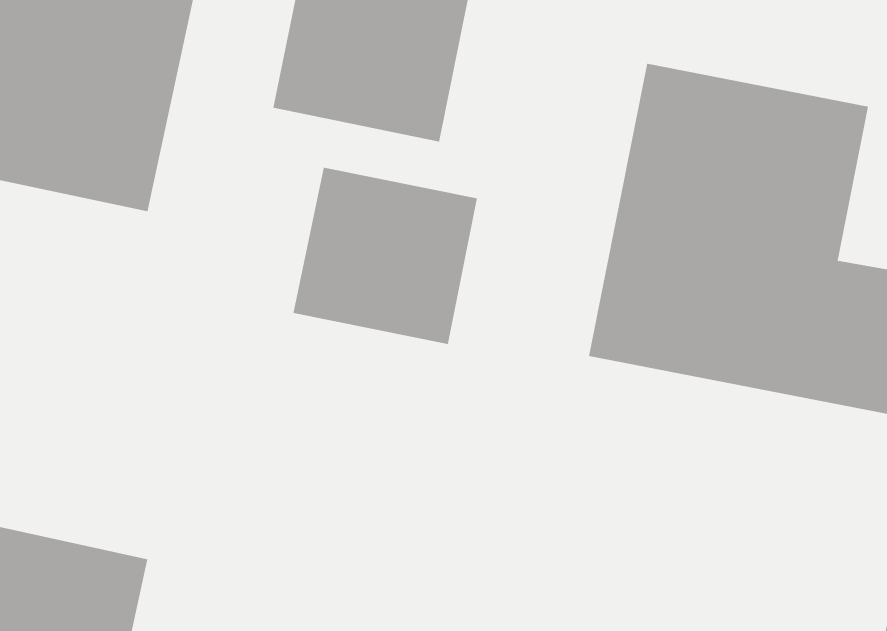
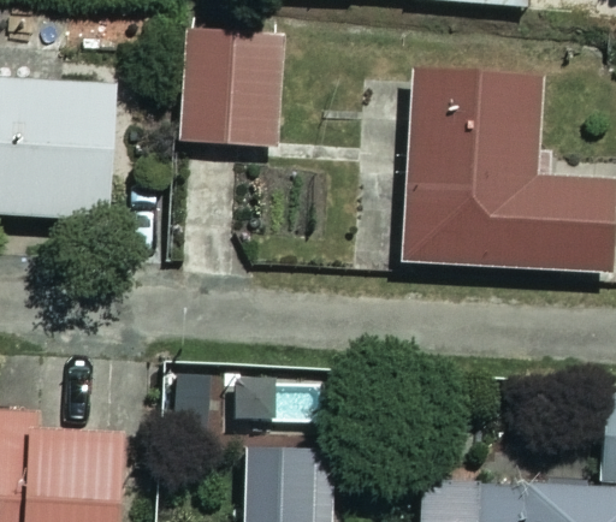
building: [293,167,478,345] -> none

